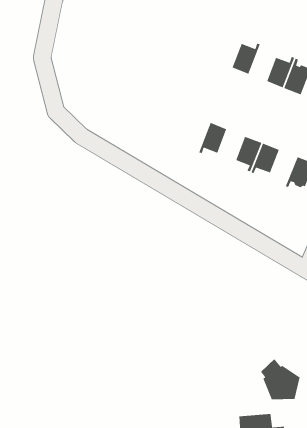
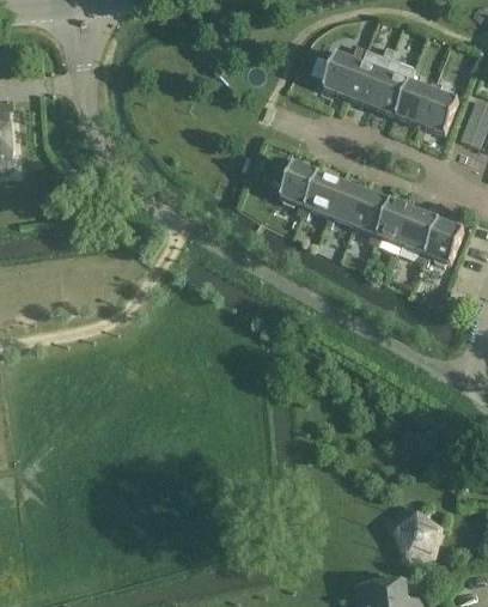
building: none -> [372,48,415,115]
building: none -> [323,50,364,96]
building: none -> [280,162,318,214]
building: none -> [325,181,366,225]
building: none -> [402,210,439,261]

